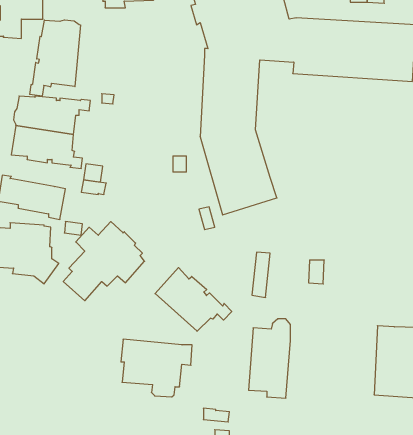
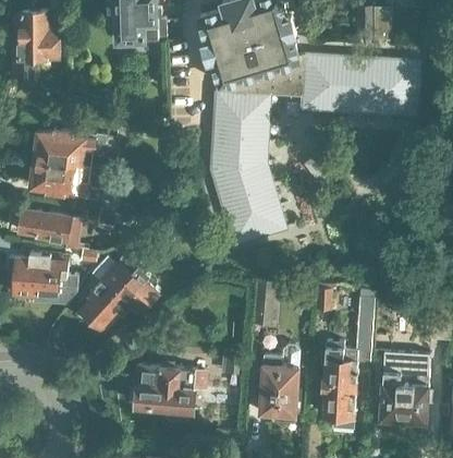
building: [30,20,80,96] -> none
building: none -> [321,289,375,429]
building: [155,268,232,331] -> none

